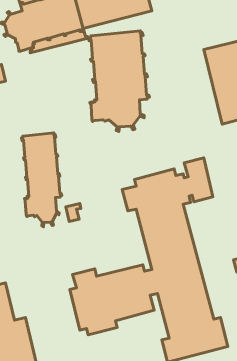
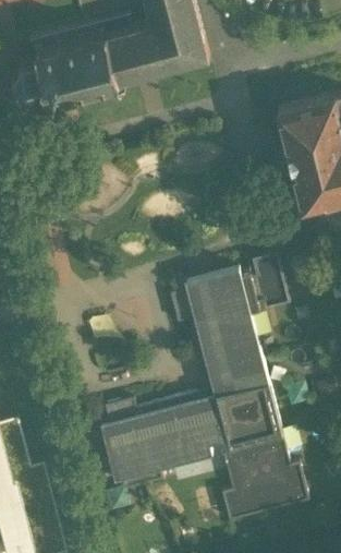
building: [88,31,150,132] -> none
building: [21,133,62,227] -> none

